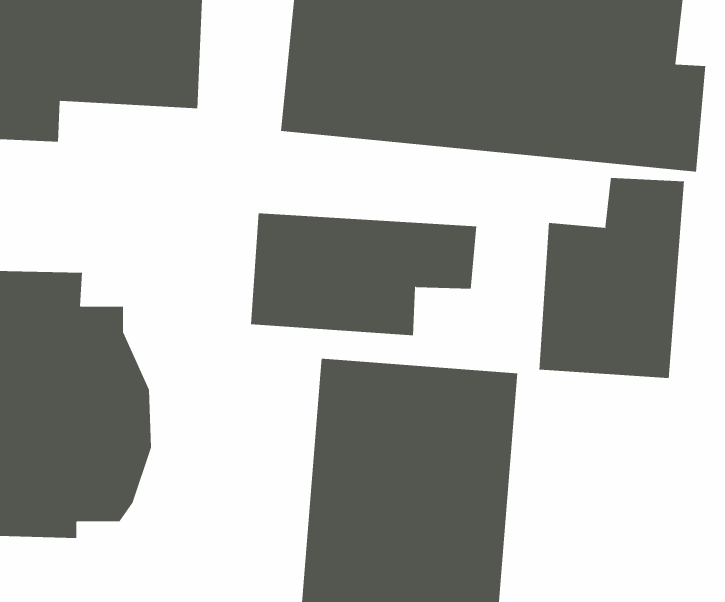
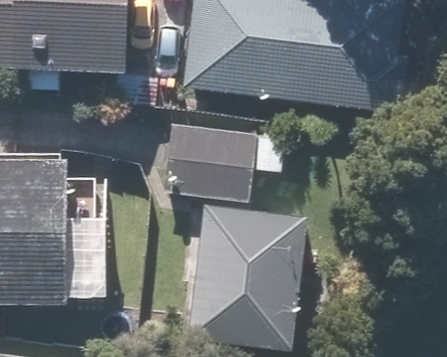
building: [539,177,684,379] -> none

